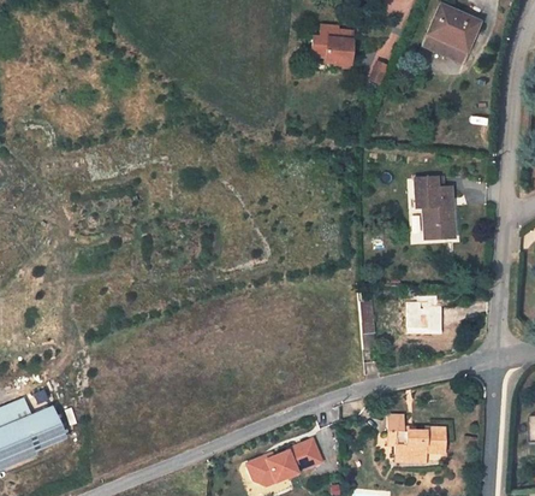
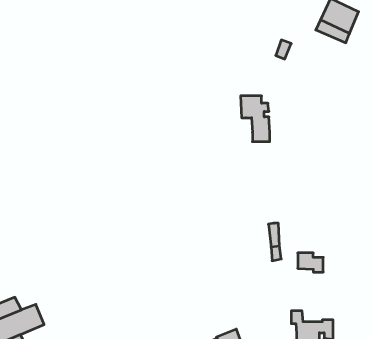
building: [310,25,355,70] -> none
building: [415,177,453,237] -> [241,96,270,142]
building: [408,301,441,326] -> [298,253,323,272]

